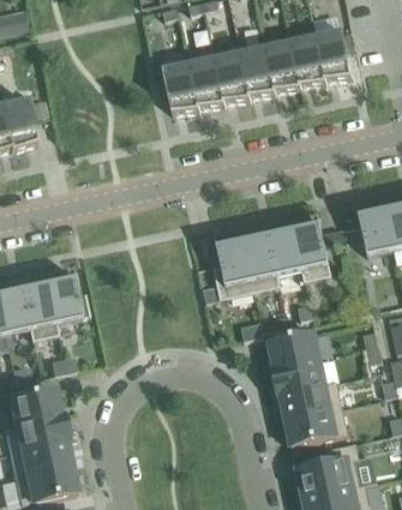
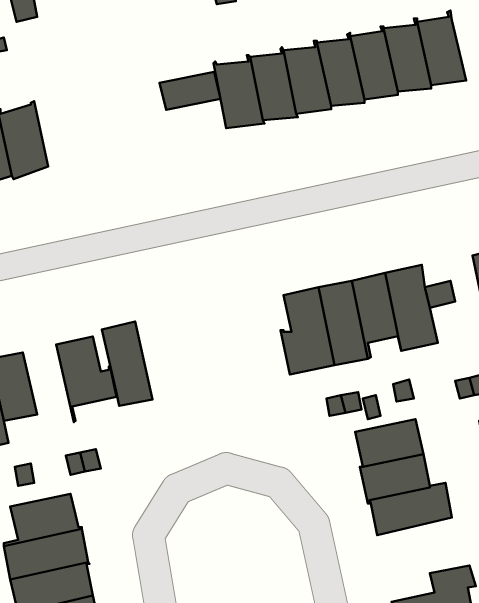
building: none -> [159,72,221,110]
building: [18,276,56,340] -> [102,322,153,406]
building: [286,407,348,446] -> none

